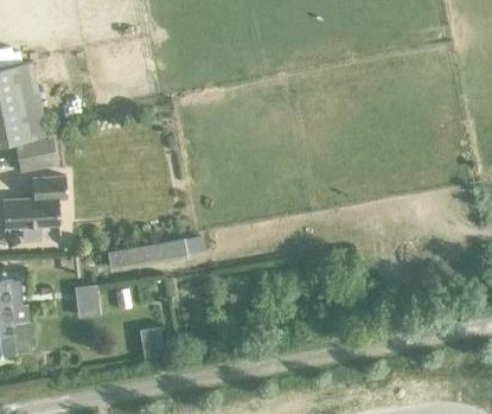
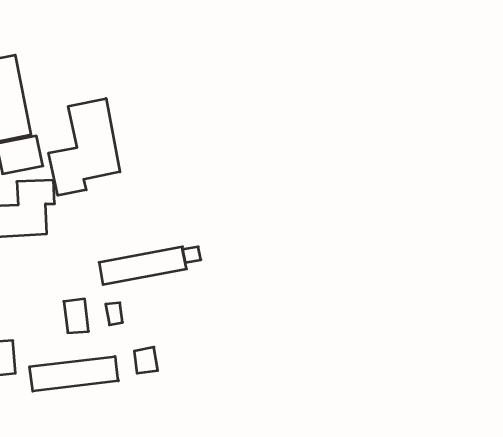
building: none -> [49,98,120,195]
building: none -> [30,356,118,391]

